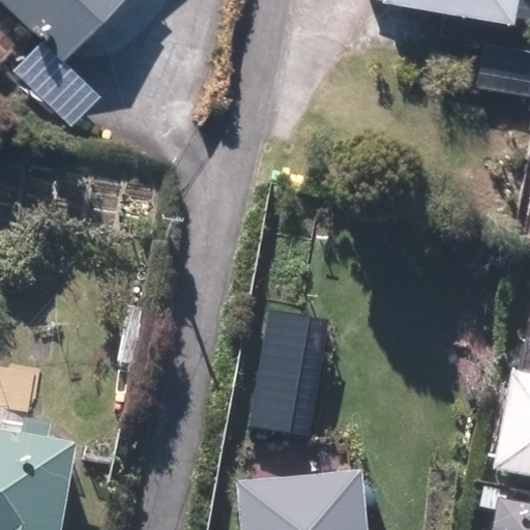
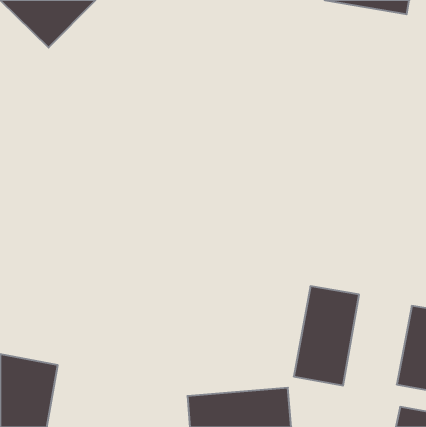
building: [248,314,329,437] -> [294,286,359,386]

